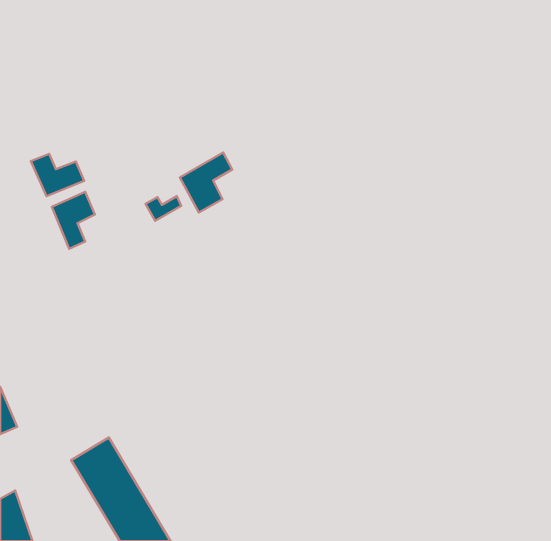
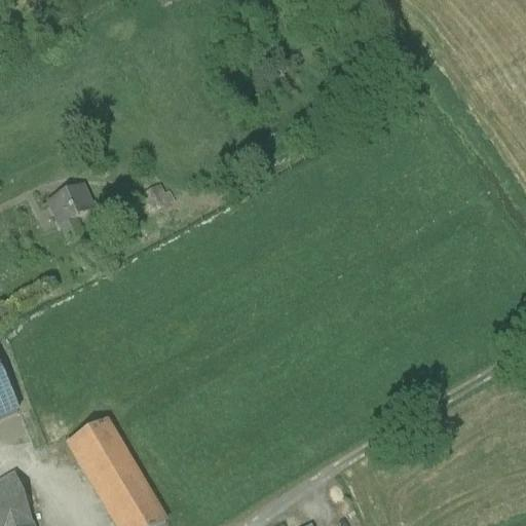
building: [180,152,232,212] -> none
building: [31,154,84,196] -> none

